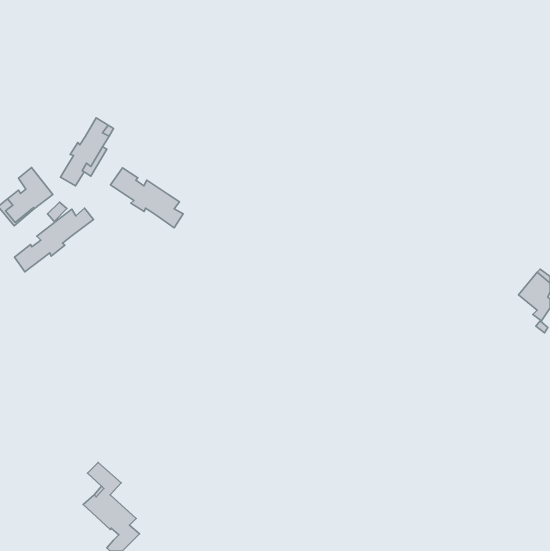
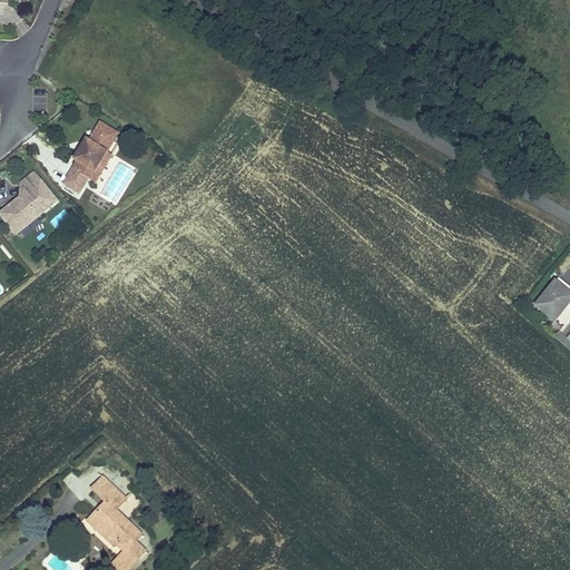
building: [111,168,183,228] -> none
building: [14,208,94,272] -> none

